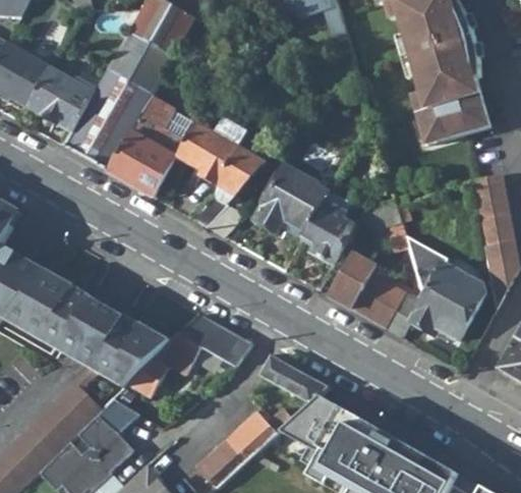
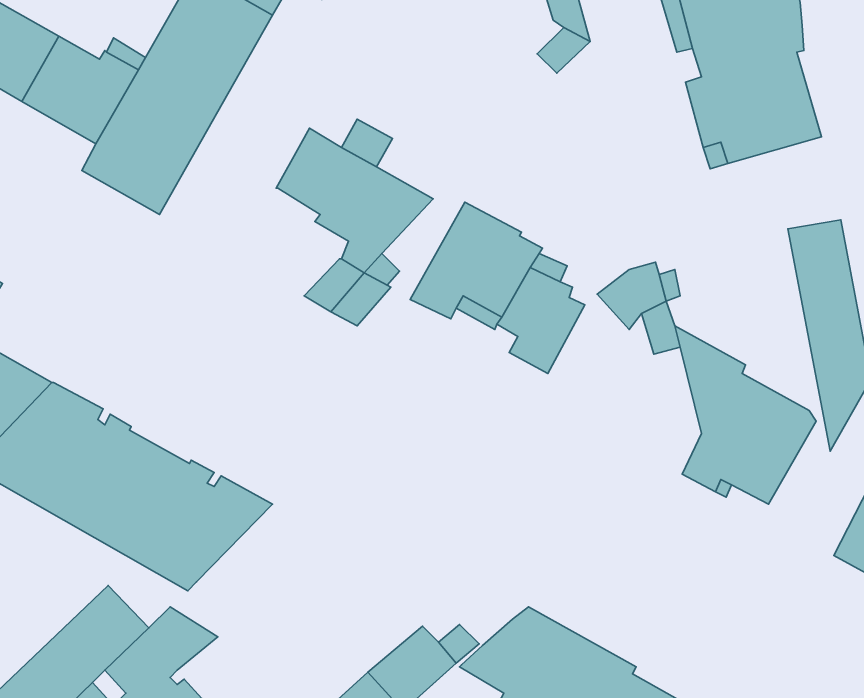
building: [109,96,190,197] -> none
building: [330,252,421,337] -> none
building: [130,314,251,395] -> none
building: [259,353,328,403] -> none

